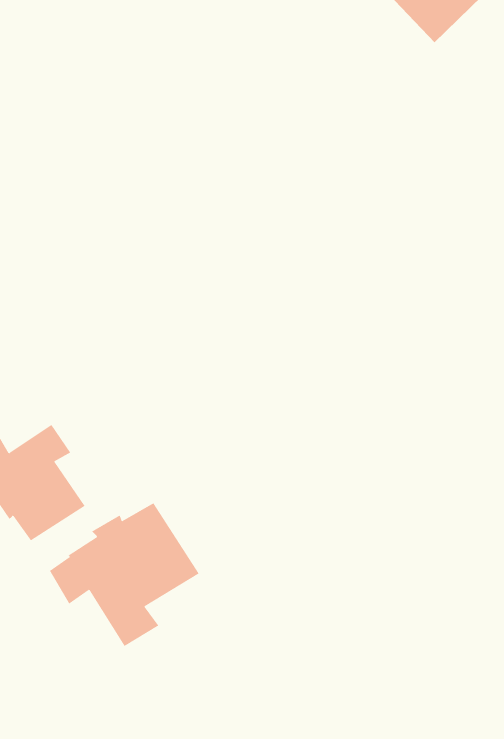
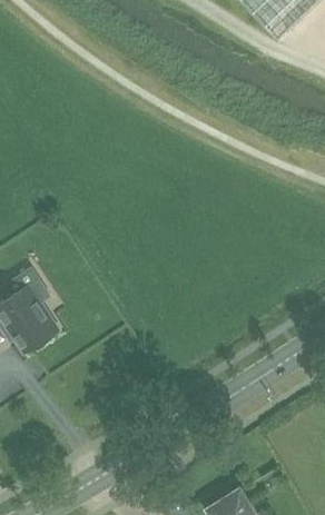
building: [49,502,200,647] -> none

